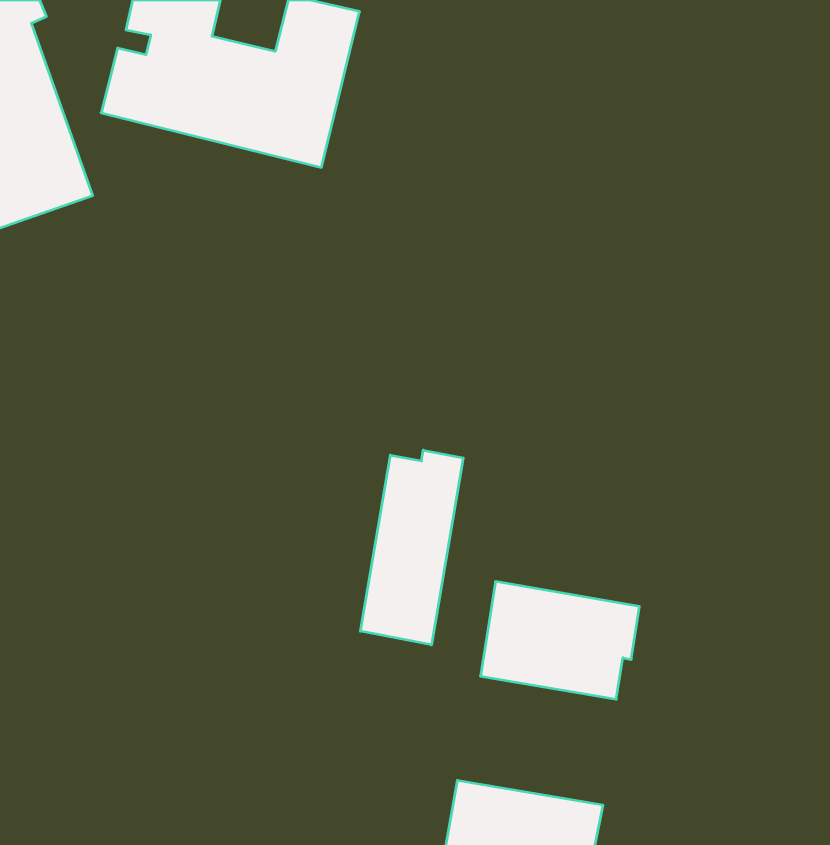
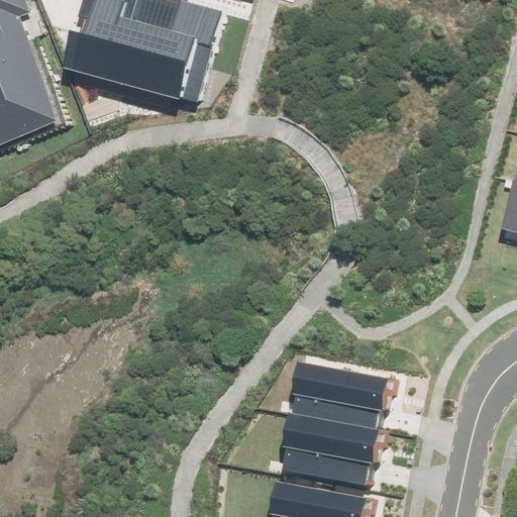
building: [360,450,463,645] -> none
building: none -> [283,413,381,484]

